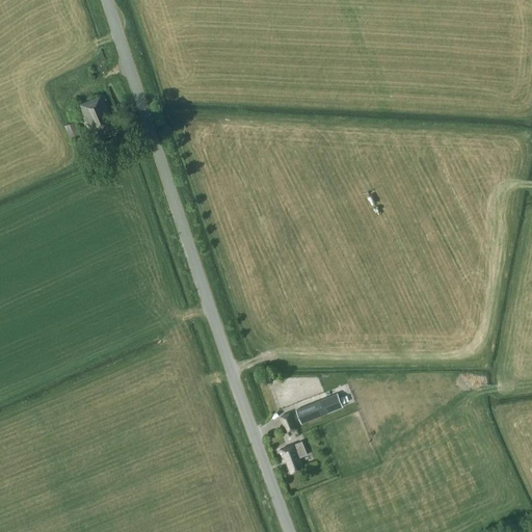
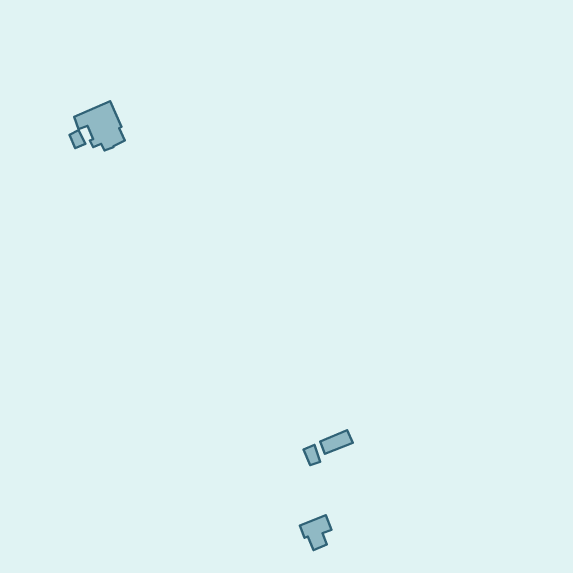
building: [280,440,309,472] -> [300,515,331,550]

